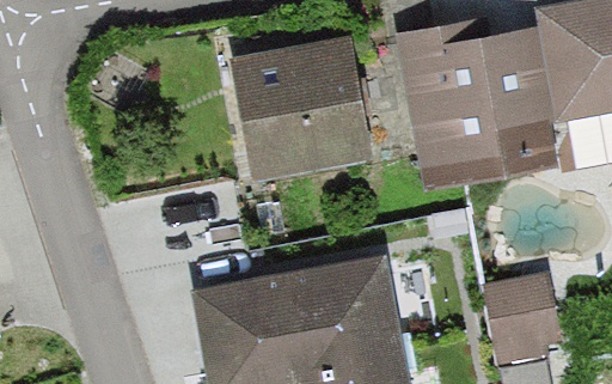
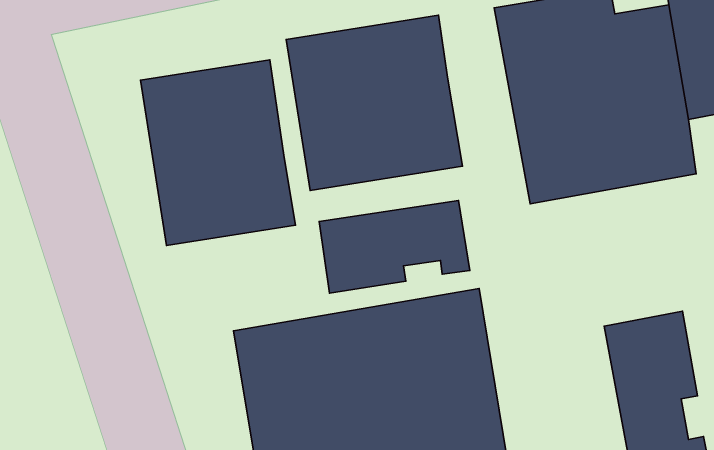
building: none -> [141,60,296,246]
building: none -> [319,201,470,293]

